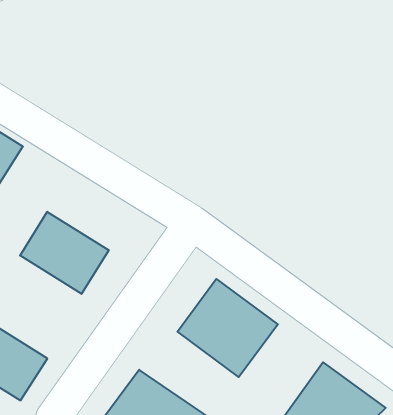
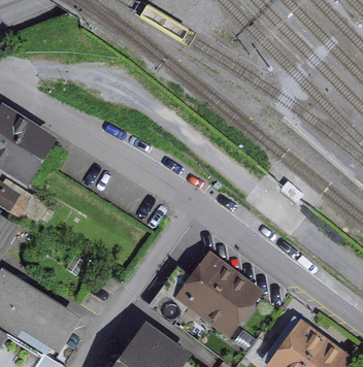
building: [20,212,109,294] -> none

